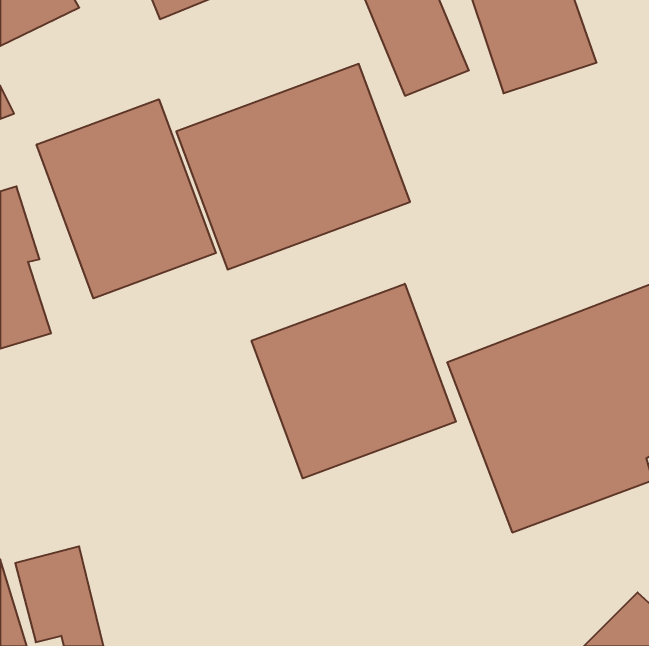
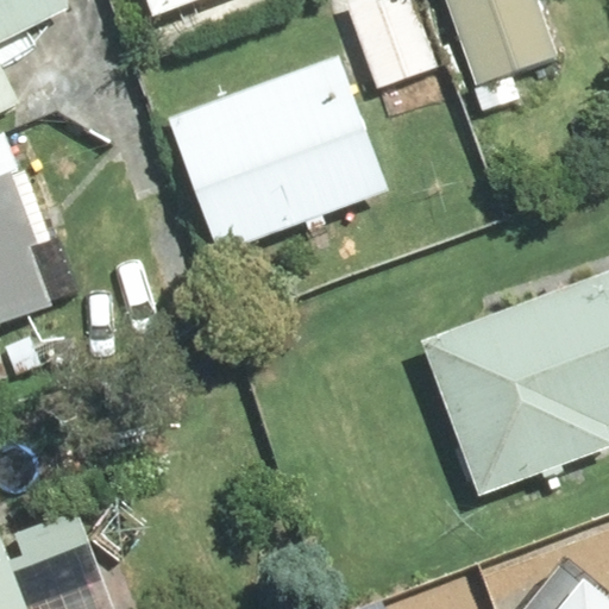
building: [37,99,216,298] -> none
building: [252,284,456,478] -> none

